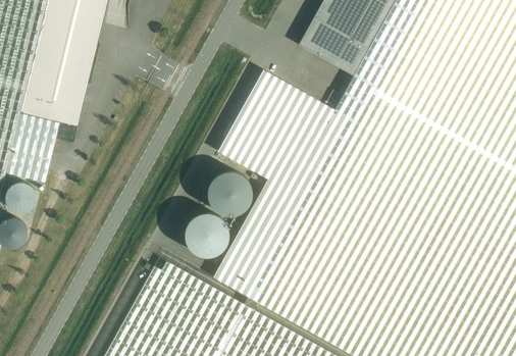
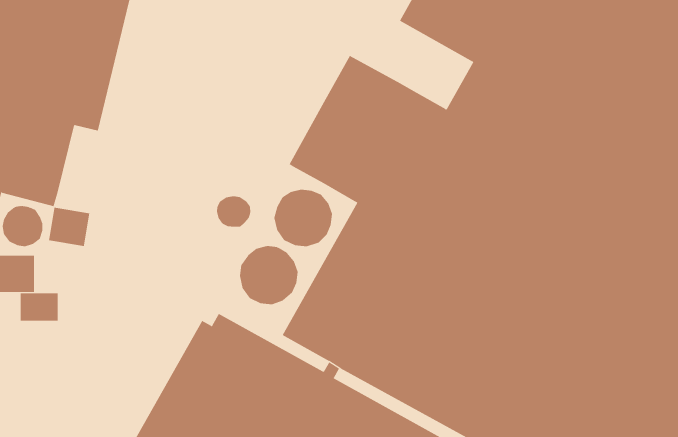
building: none -> [216,196,251,228]
building: none -> [49,207,90,247]
building: none -> [20,293,58,321]

